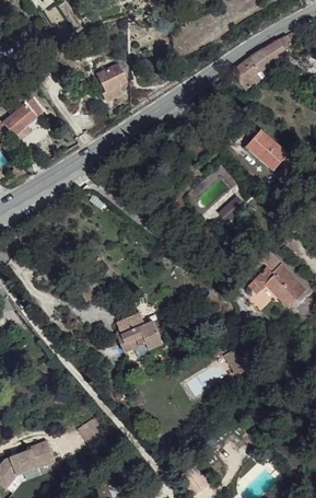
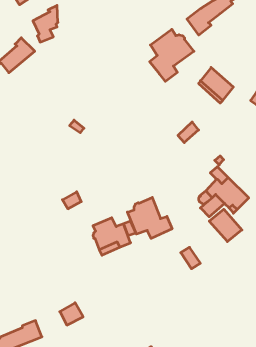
building: [96,55,127,100] -> [33,5,58,42]
building: none -> [150,29,194,81]
building: none -> [127,197,172,238]
building: none -> [209,209,242,242]

